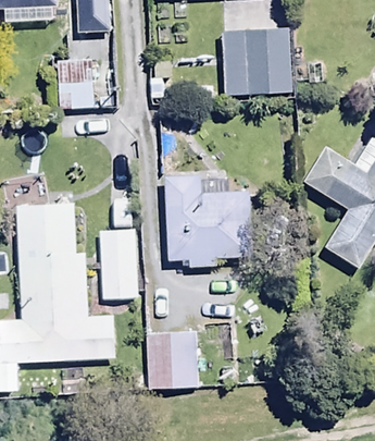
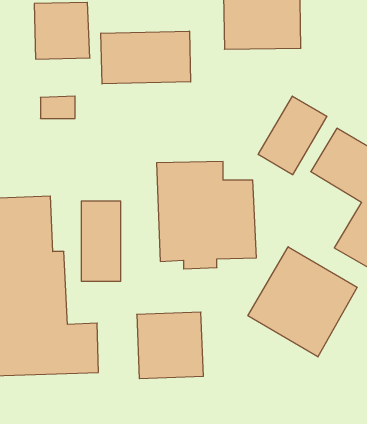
building: none -> [101,31,191,84]
building: none -> [258,96,327,175]
building: none -> [248,247,357,357]

